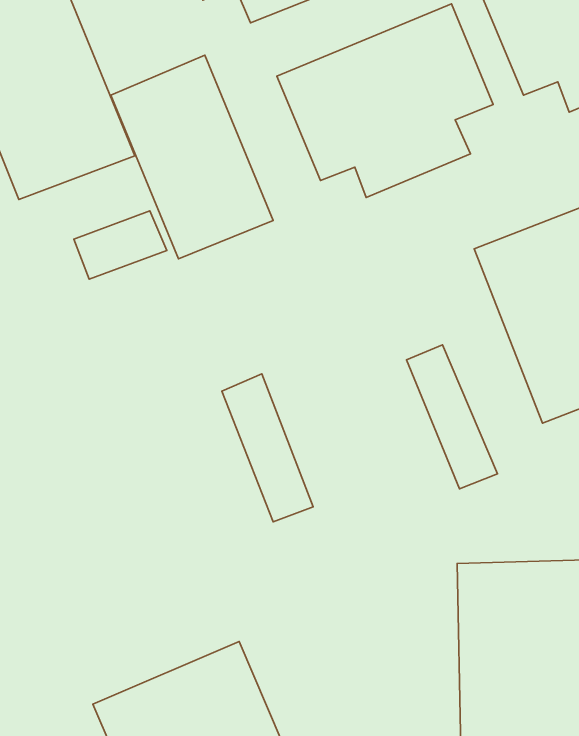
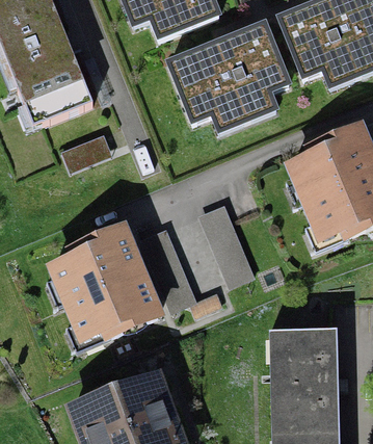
building: [111,55,273,259] -> none
building: [406,345,497,489] -> [204,200,254,279]
building: none -> [33,231,154,359]

